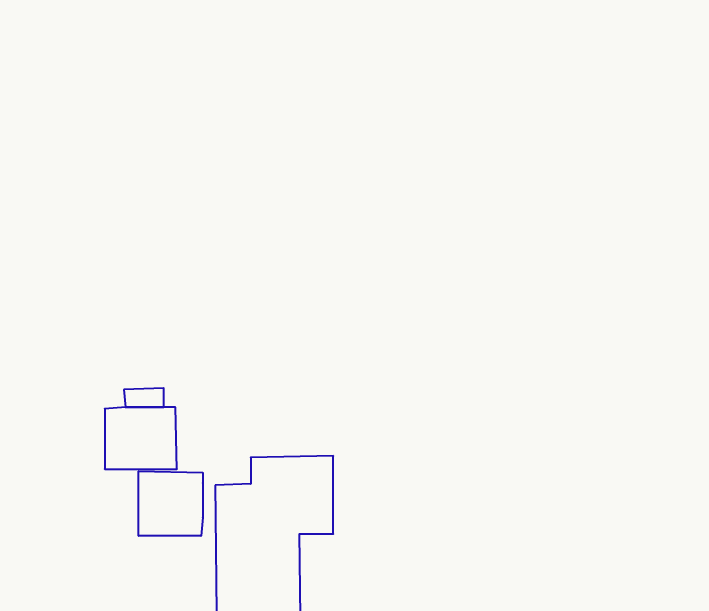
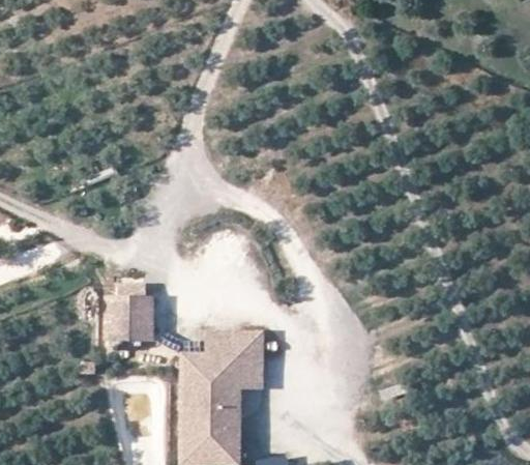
building: [139,471,203,536] -> none

